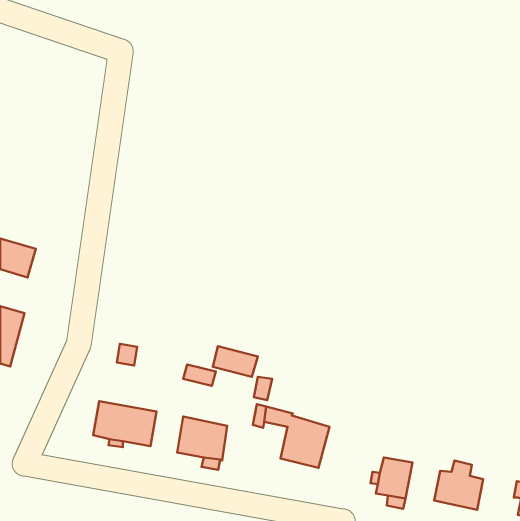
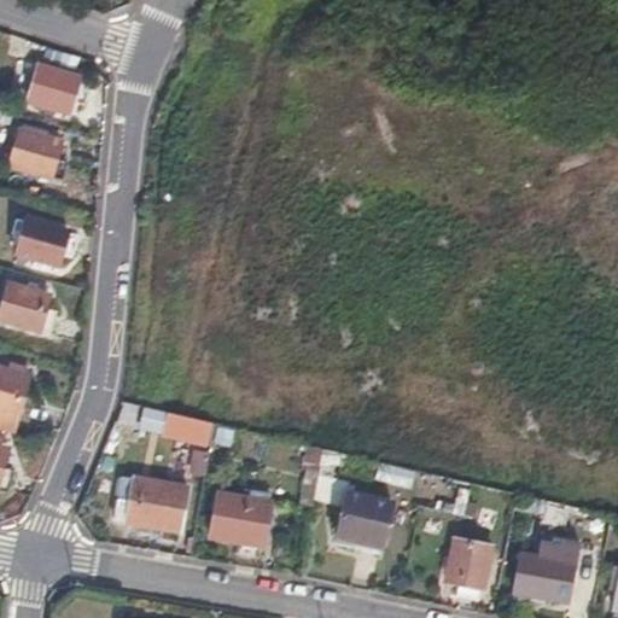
building: none -> [29,64,78,110]
building: none -> [10,130,60,175]
building: none -> [12,218,64,269]
building: [213,346,258,377] -> [163,410,216,447]

